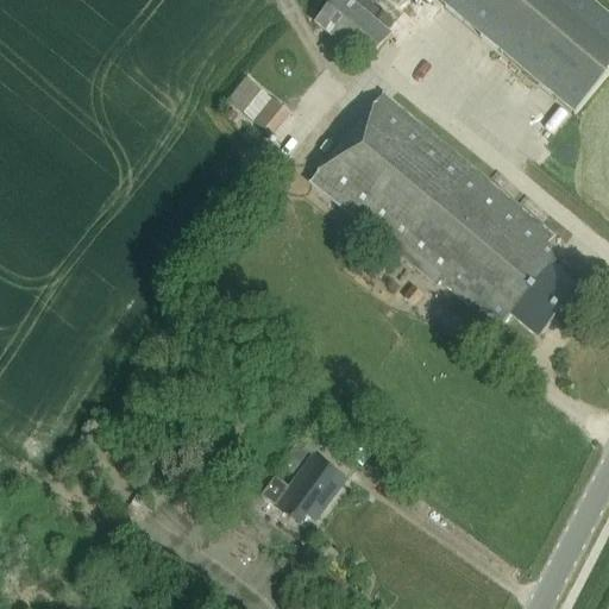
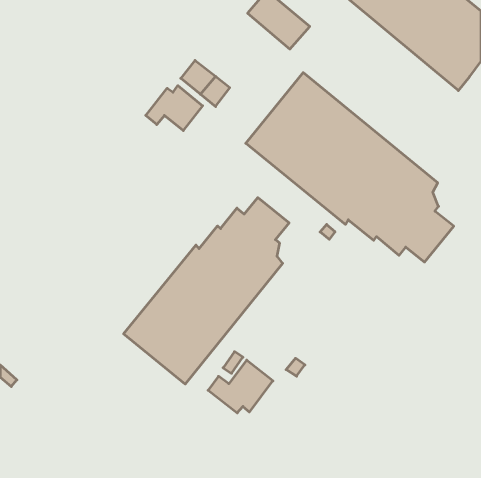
building: none -> [146,86,203,131]
building: none -> [124,198,289,384]

